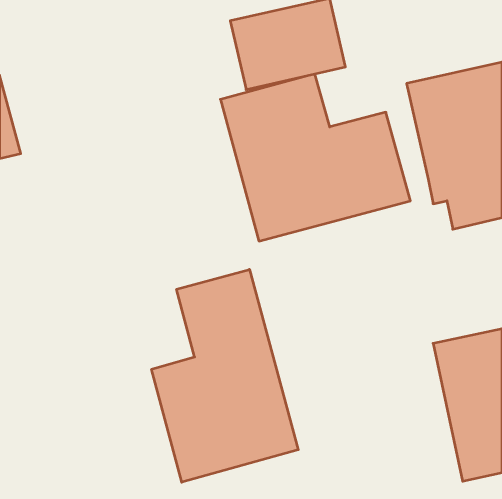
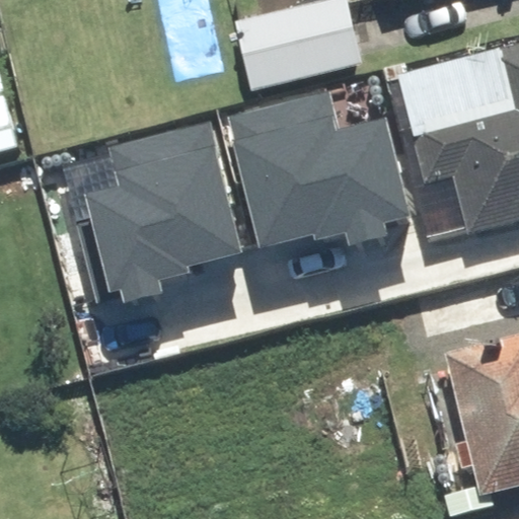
building: none -> [75,112,256,300]
building: [152,269,298,482] -> none

